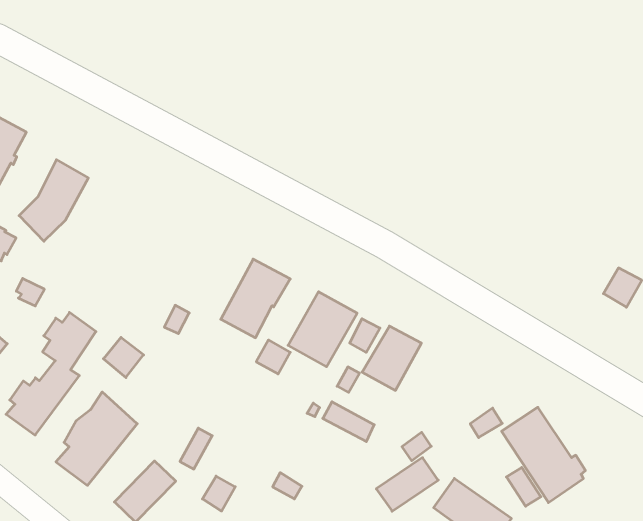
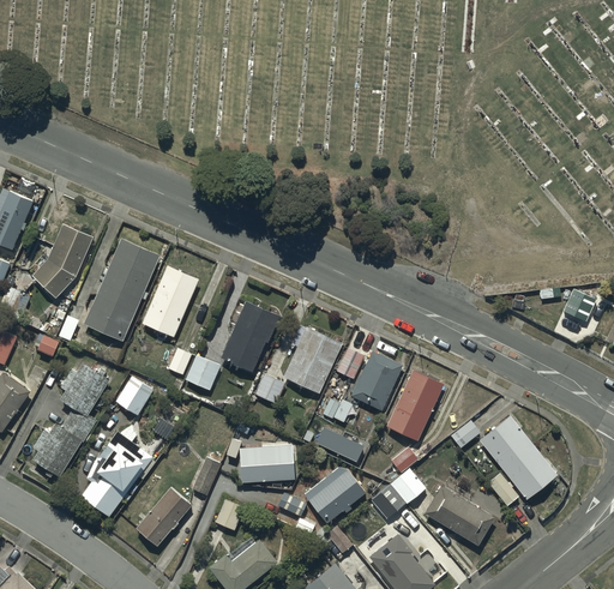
building: none -> [83,240,158,342]
building: none -> [142,268,197,337]
building: none -> [185,354,219,390]
building: none -> [386,371,443,441]
building: none -> [239,439,294,482]
building: none -> [303,468,365,523]

